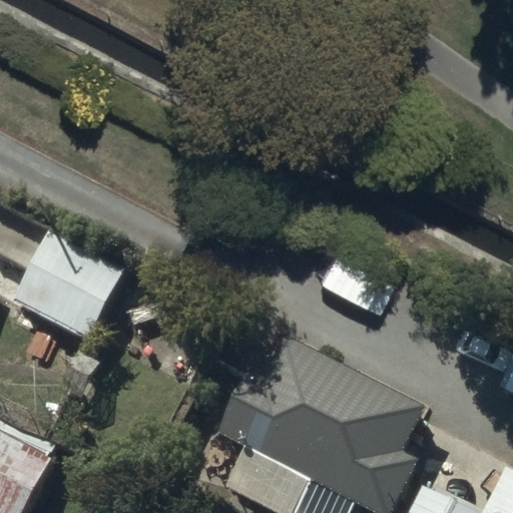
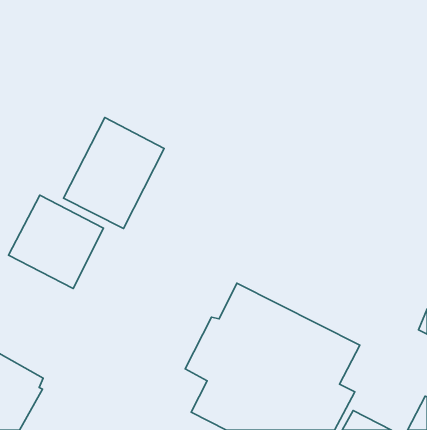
building: none -> [63,118,164,228]

